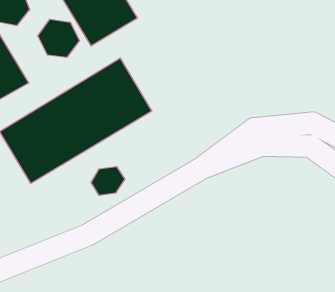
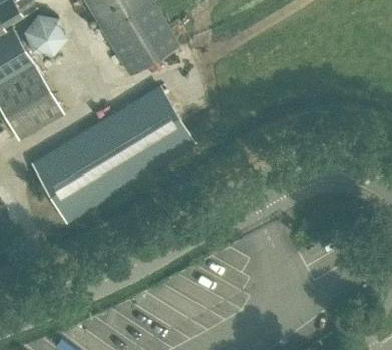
building: [38,19,80,57] -> none
building: [91,167,125,196] -> none

